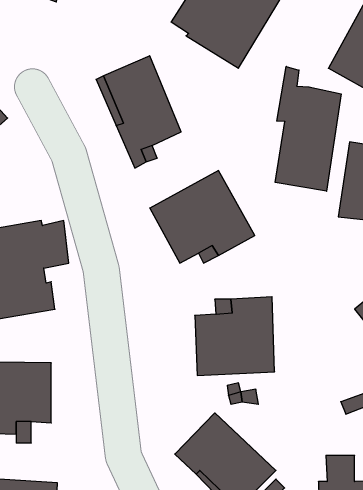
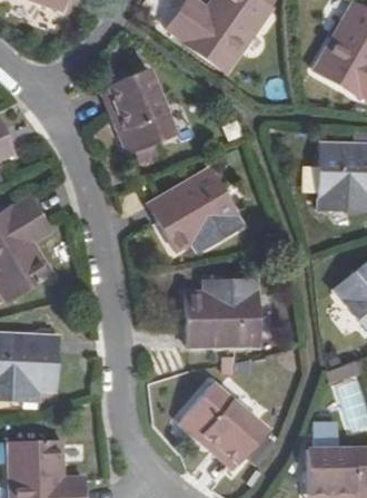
building: [275,66,341,191] -> none

